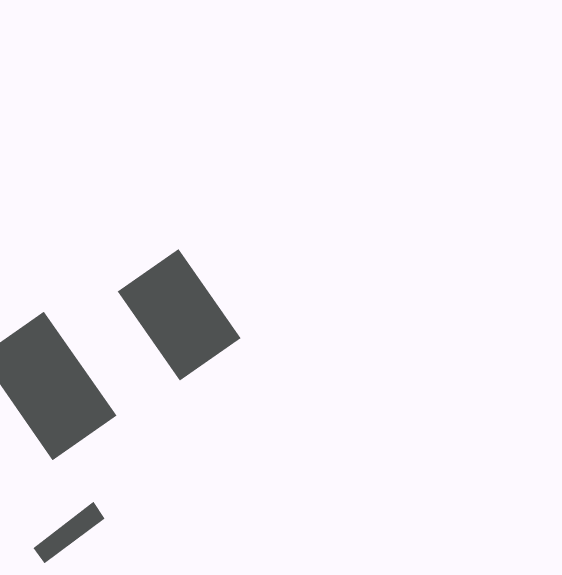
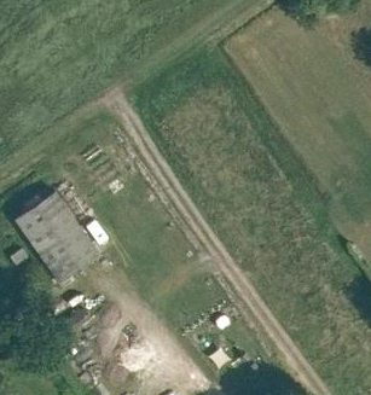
building: [117,248,242,382] -> none

